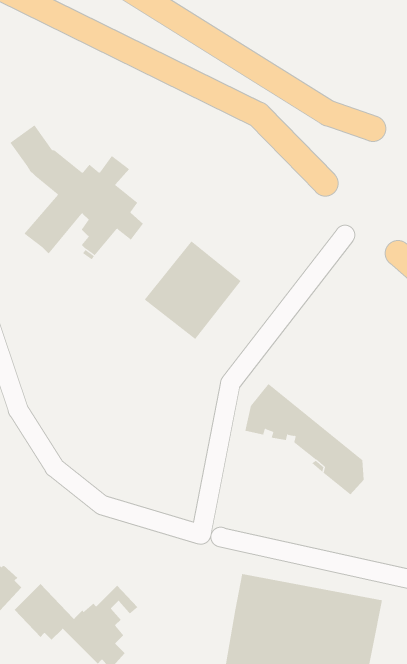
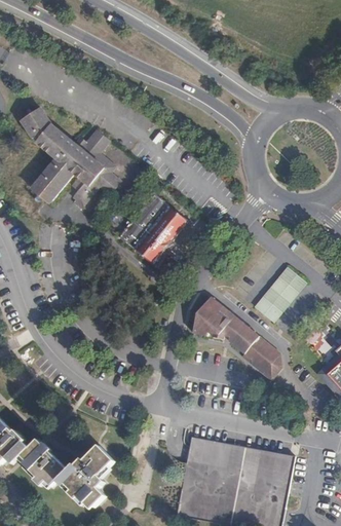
building: none -> [257,268,305,321]

